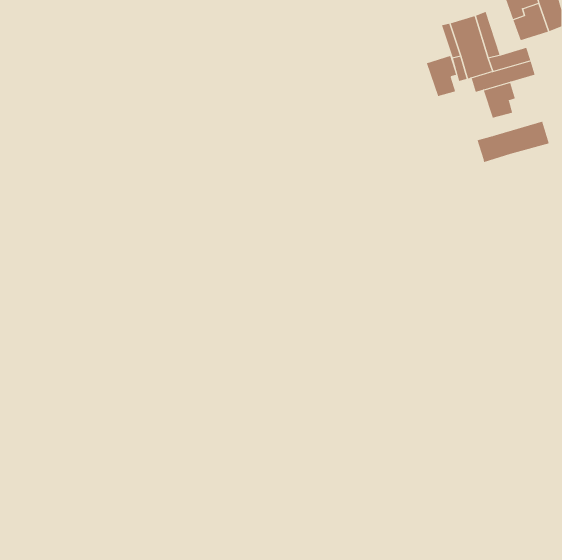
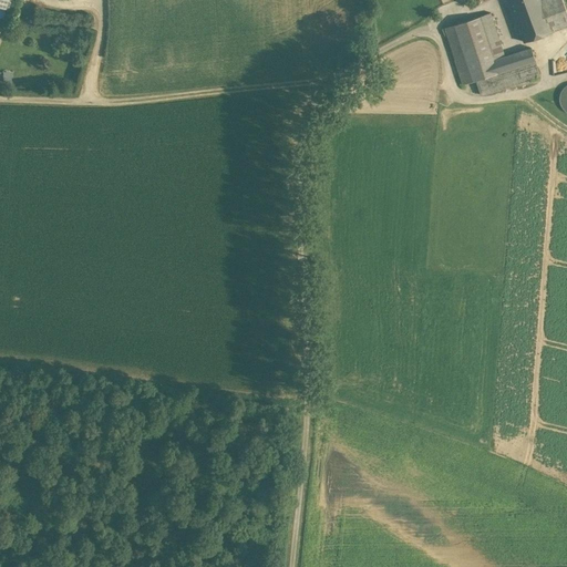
building: [426,55,457,97] -> none
building: [483,82,516,119] -> none
building: [477,121,549,163] -> none

